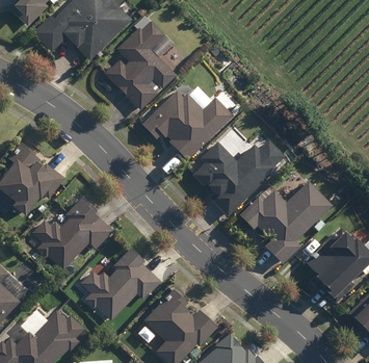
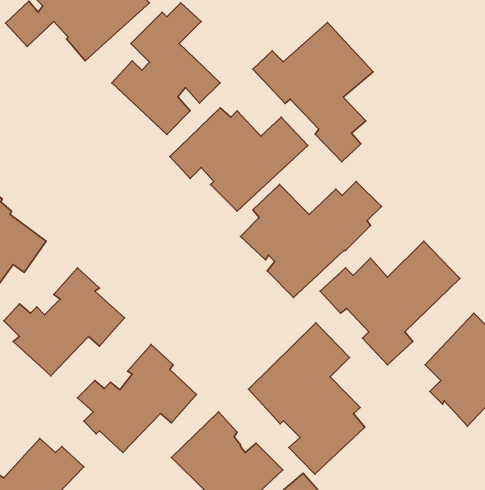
building: none -> [253,23,373,162]
building: none -> [248,323,365,474]

